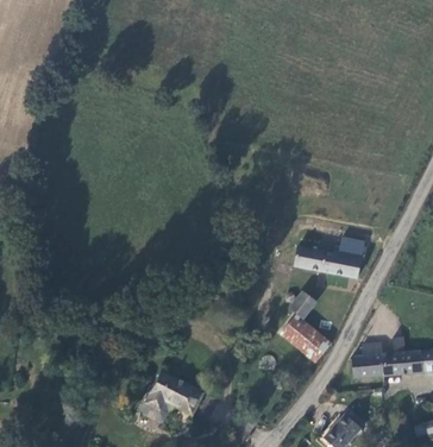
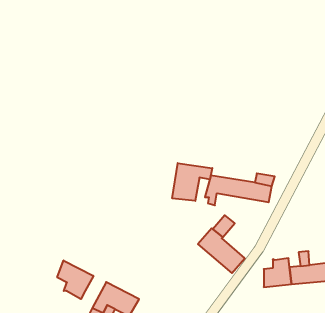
building: none -> [172,163,212,201]
building: none -> [57,260,93,299]

